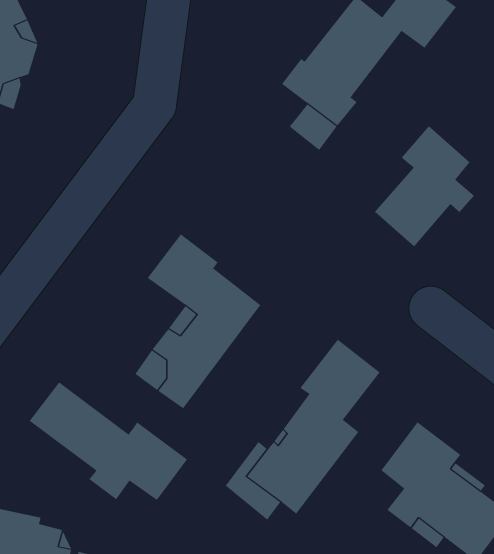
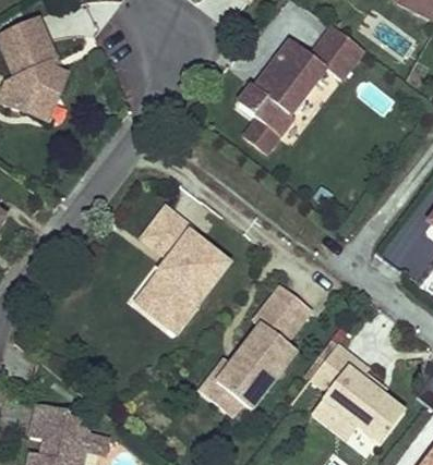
building: [374,126,475,247] -> none
building: [29,381,188,501] -> none

